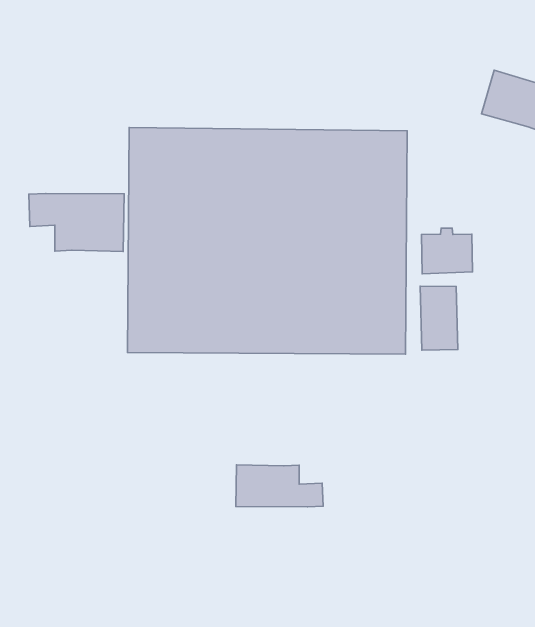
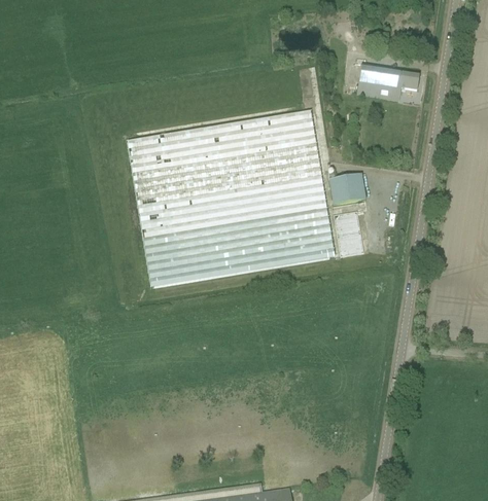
building: [29,193,124,252] -> none
building: [236,465,323,507] -> none

